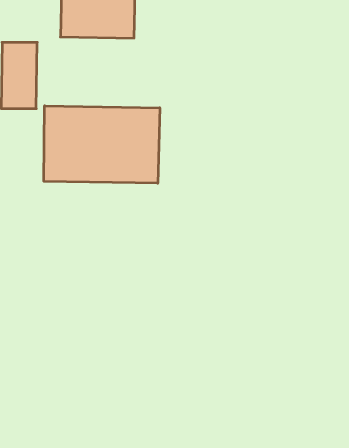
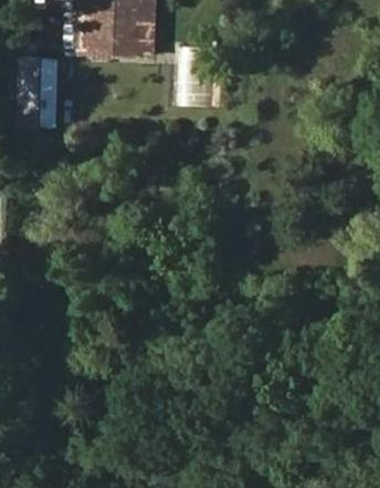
building: [44,106,160,183] -> none

